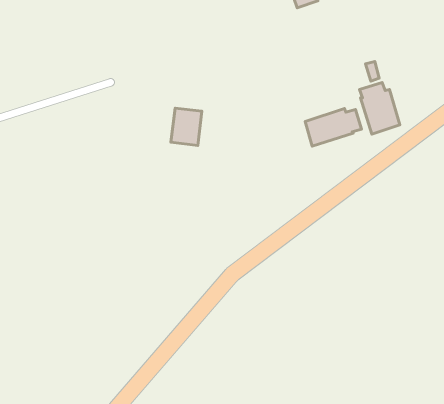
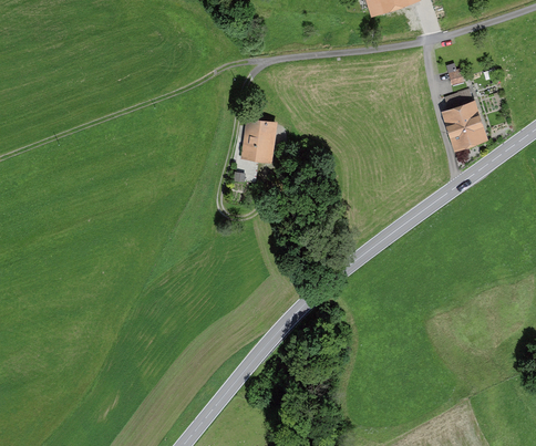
building: [305,109,362,146] -> none

